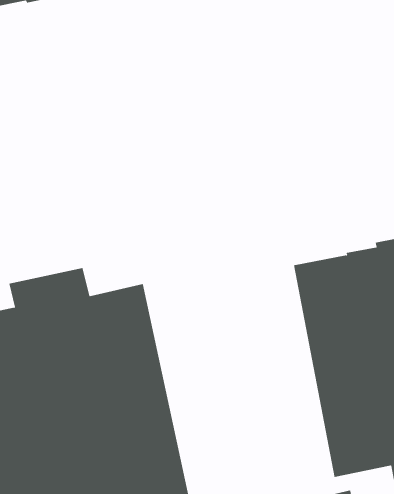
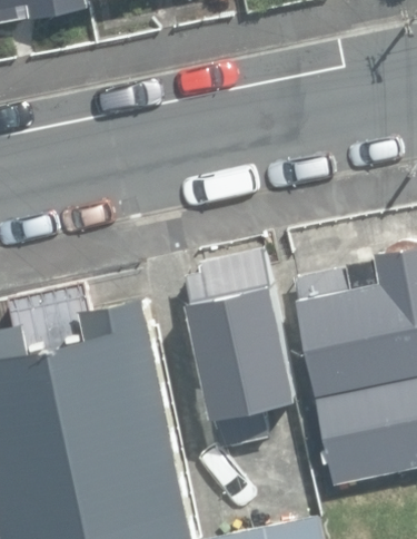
building: none -> [183,248,295,448]

